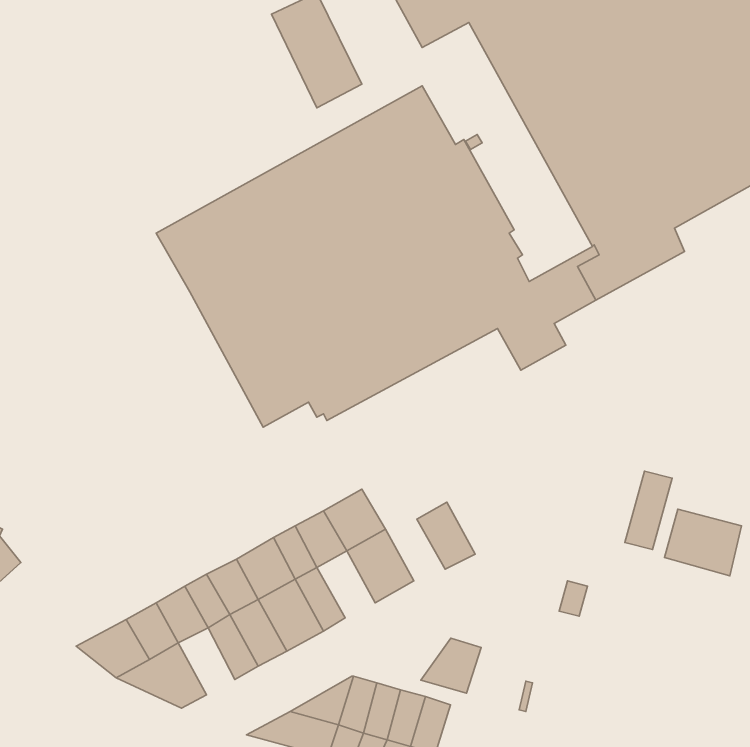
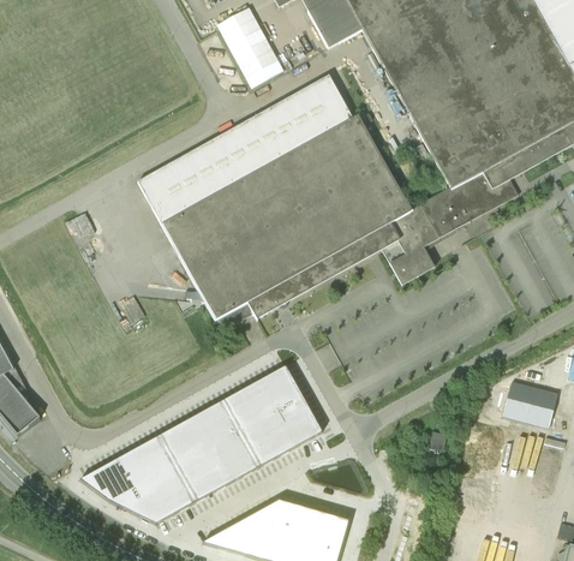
building: [625,471,672,549] -> none
building: [417,502,475,569] -> [252,410,294,458]
building: none -> [153,465,193,513]
building: [421,638,481,693] -> none

